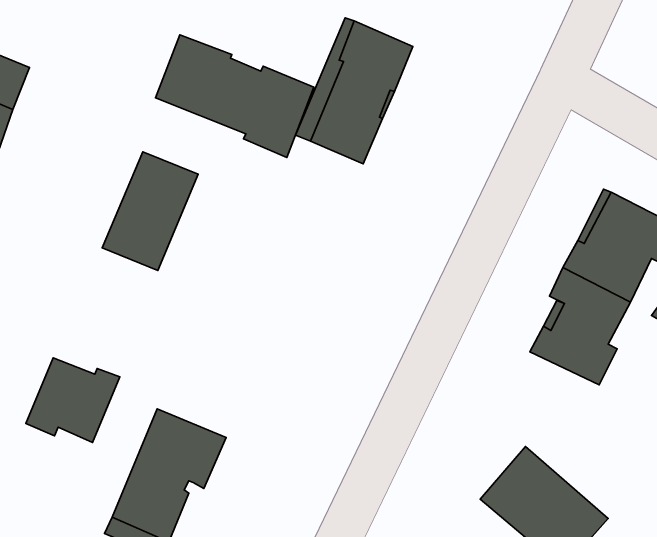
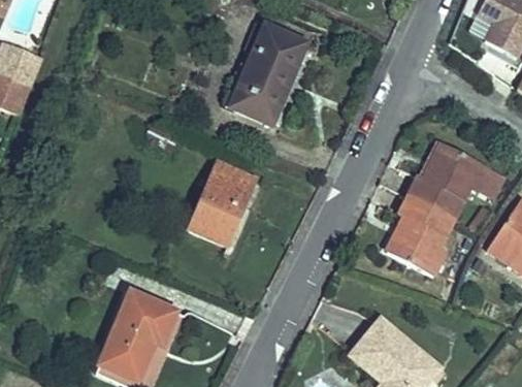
building: [155,35,314,158] -> none
building: [102,152,198,271] -> [190,162,256,244]
building: [26,358,120,442] -> none

